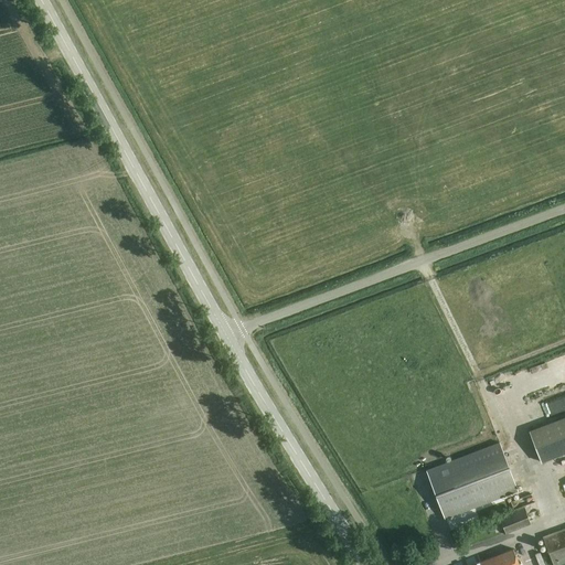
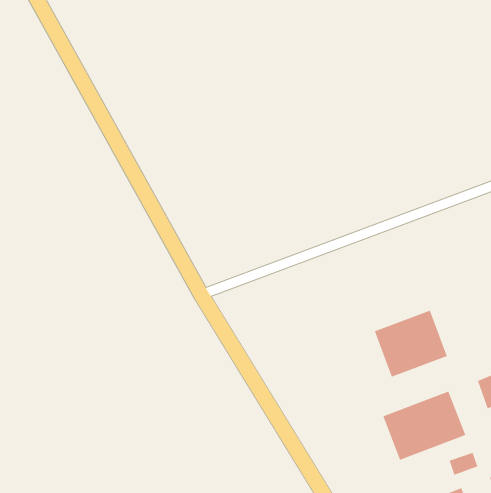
building: none -> [374,310,447,378]

